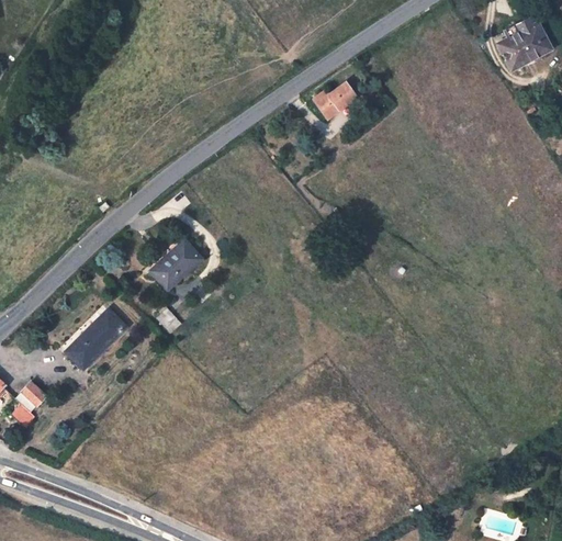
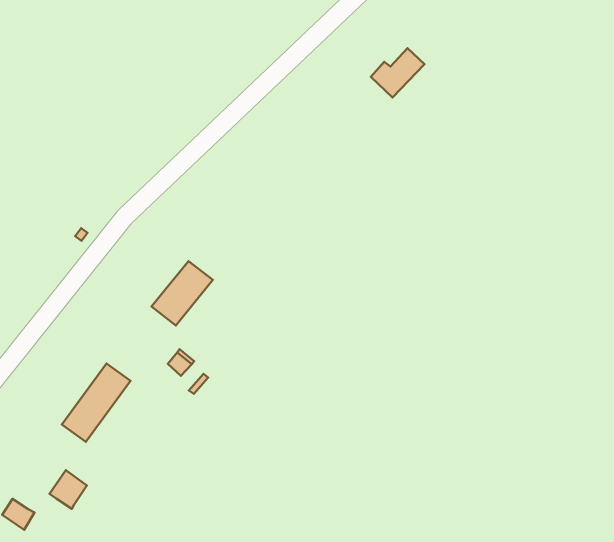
building: [313,82,356,119] -> [371,48,424,98]
building: [15,382,45,413] -> [50,470,87,509]

